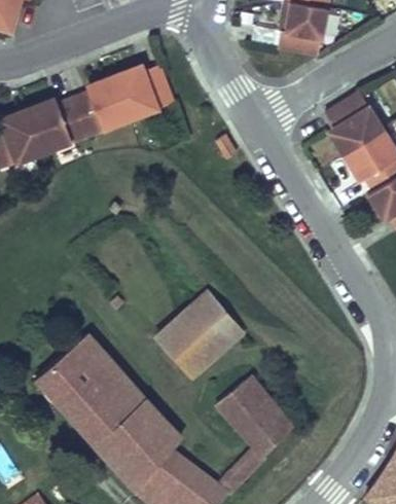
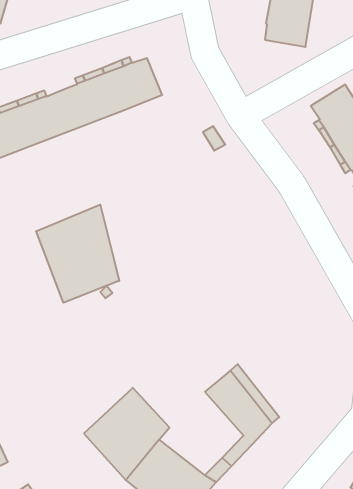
building: none -> [36,205,119,303]
building: [156,292,242,375] -> none
building: [35,333,144,444] -> none

